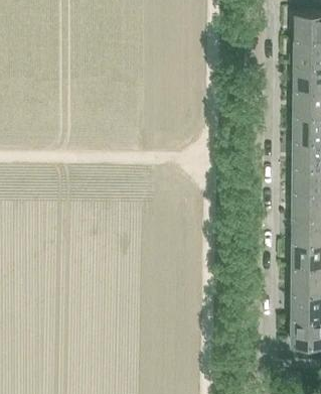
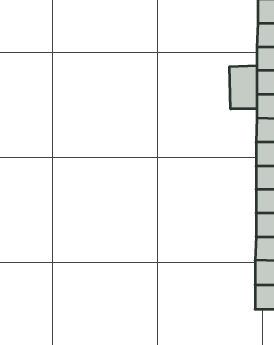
building: none -> [230,65,257,109]

